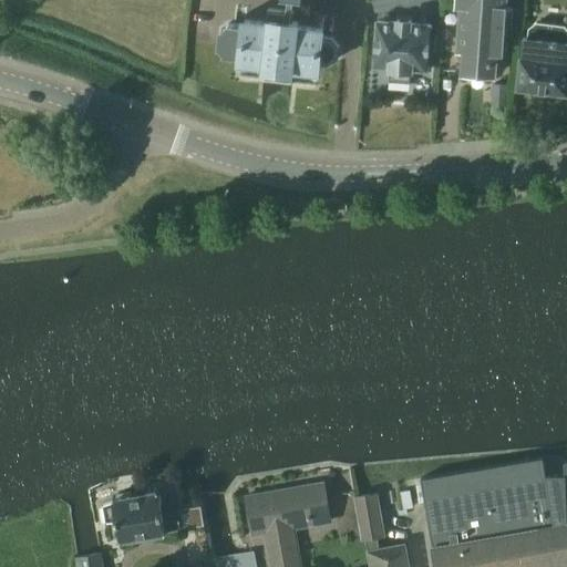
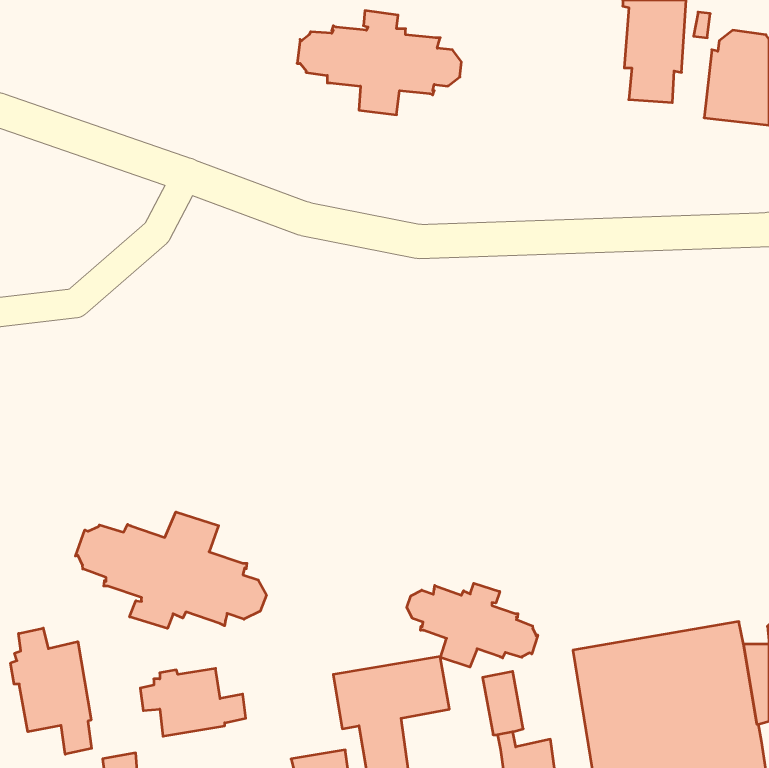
building: [373,22,430,79] -> none
building: none -> [75,512,266,628]
building: none -> [407,583,538,667]
building: none -> [11,628,92,754]

